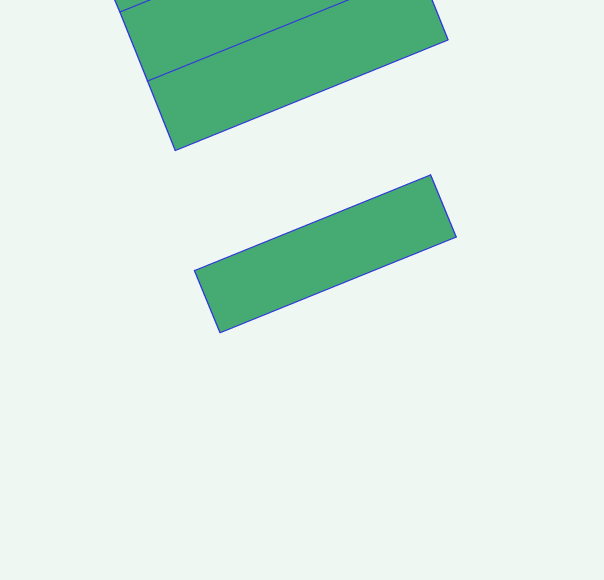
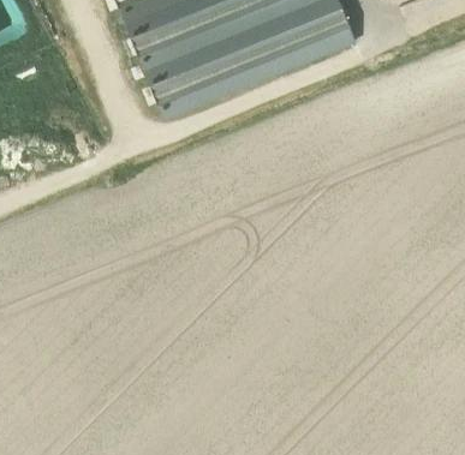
building: [195,175,456,333] -> none

